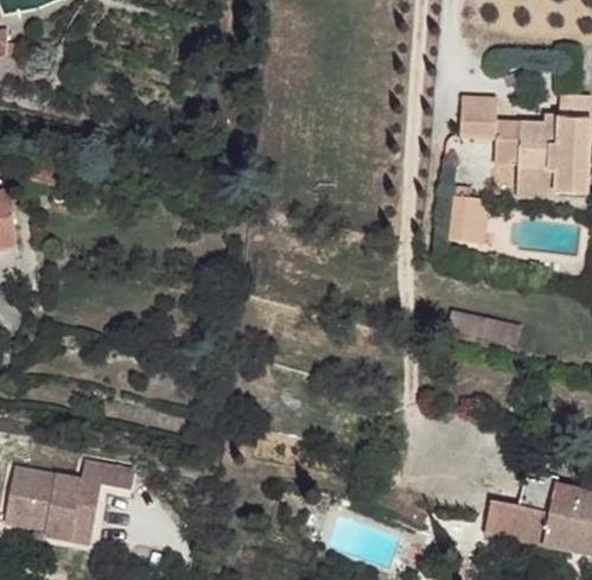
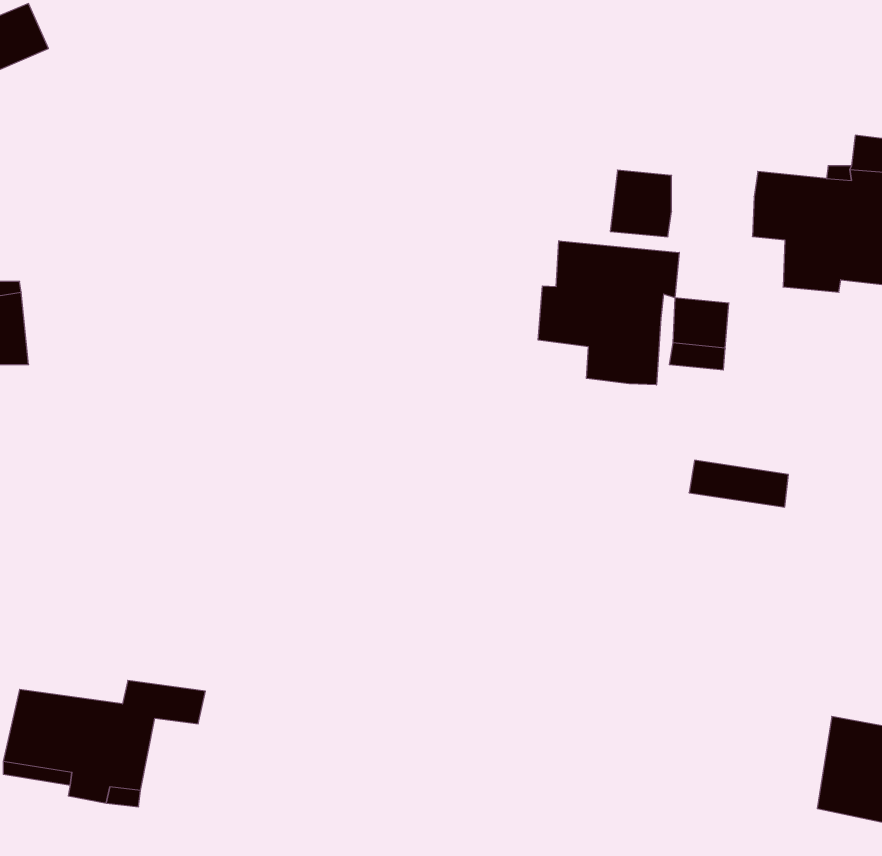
building: [459,97,499,141] -> [610,170,672,237]
building: none -> [538,241,679,385]
building: [480,478,548,543] -> none

